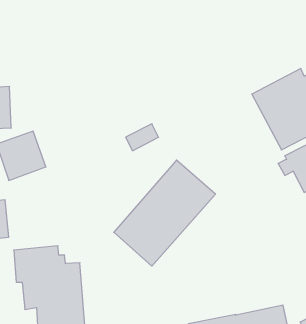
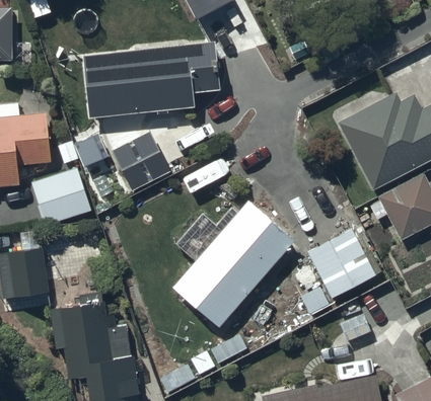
building: none -> [83,44,221,119]
building: none -> [111,130,170,190]
building: none -> [300,228,381,315]

